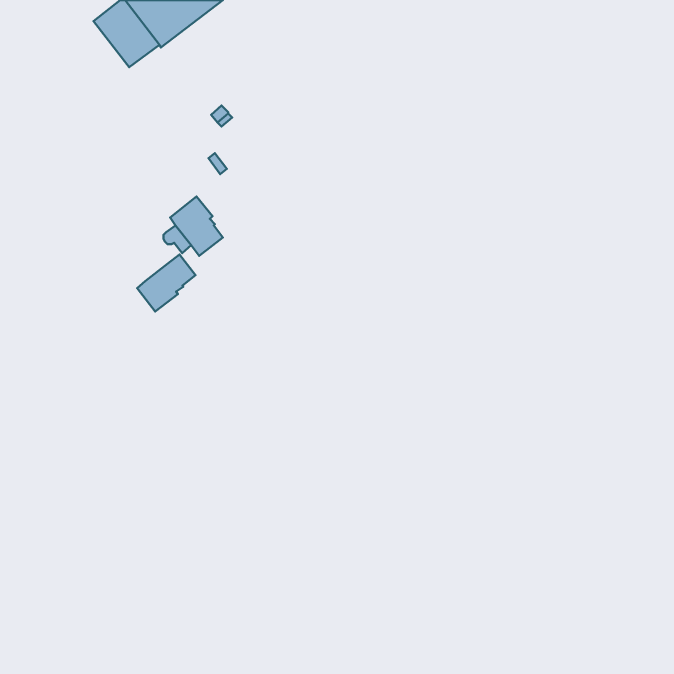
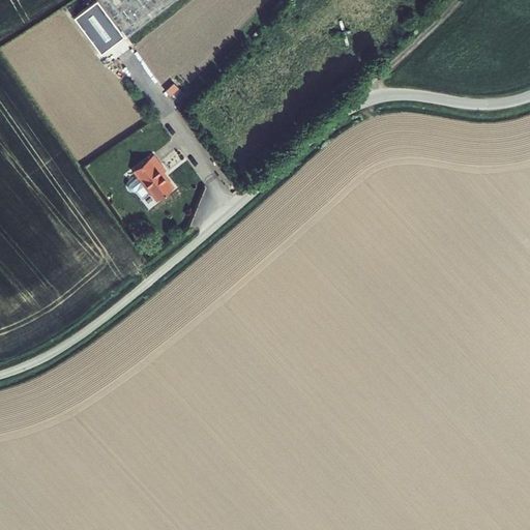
building: [137,254,196,312] -> none

